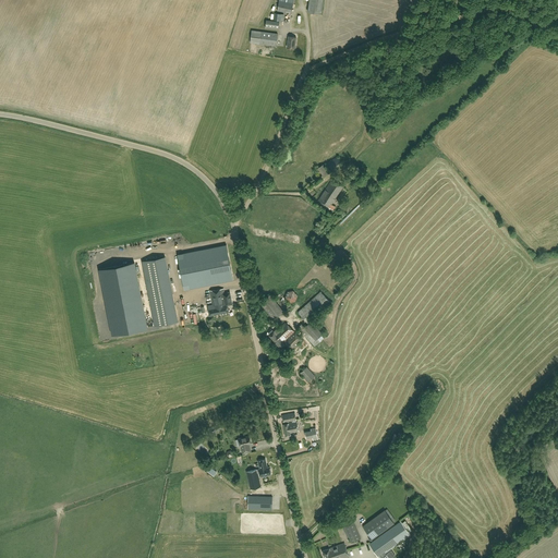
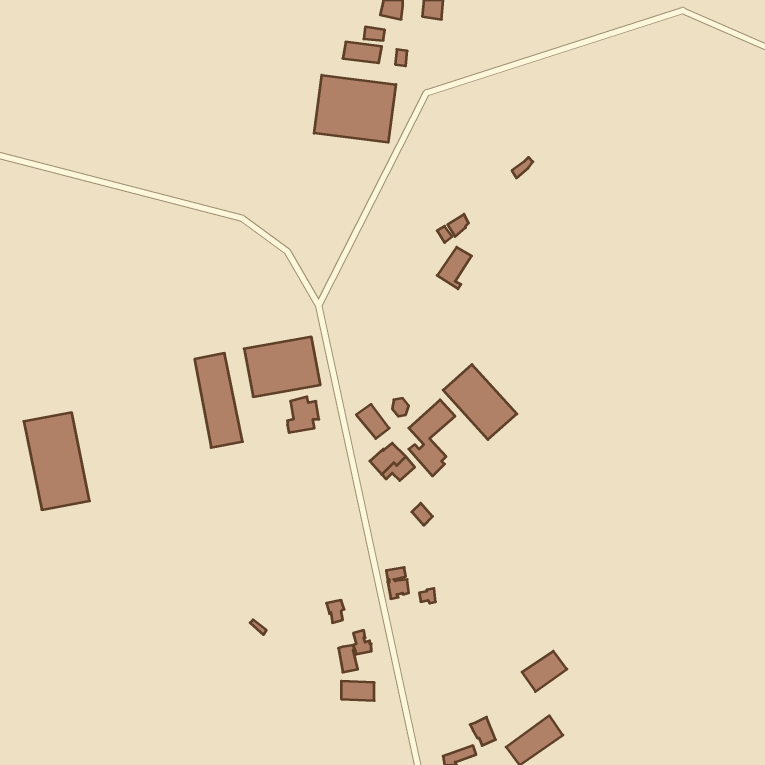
building: none -> [314,75,396,142]
building: [99,263,147,333] -> [24,413,90,510]
building: none -> [443,364,517,440]
building: [362,510,395,539] -> [522,651,567,692]

